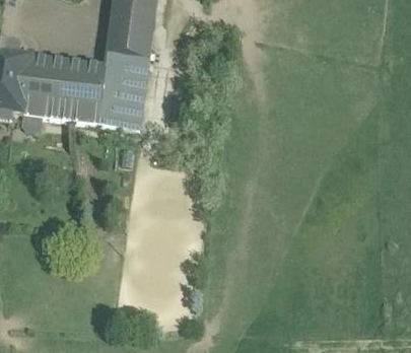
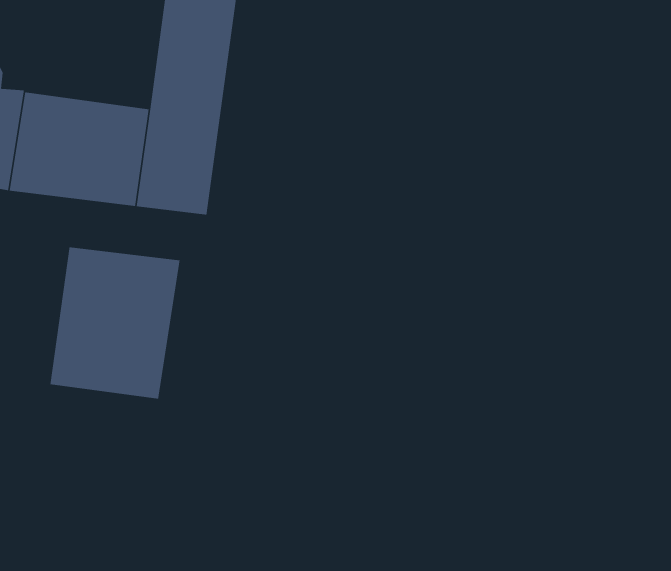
building: none -> [50,247,180,400]

